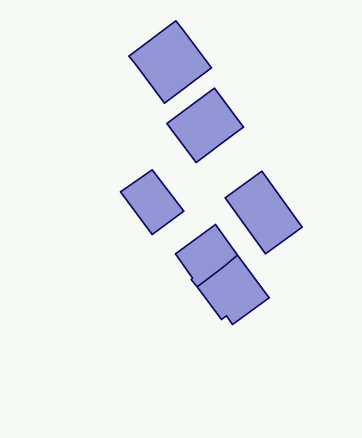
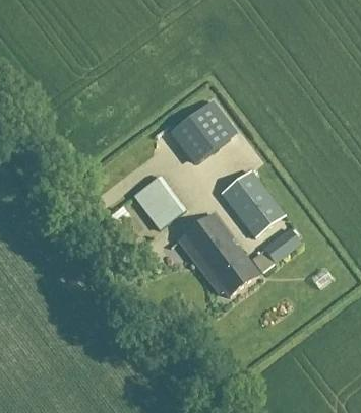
building: [129,21,212,103] -> none
building: none -> [261,228,301,264]

